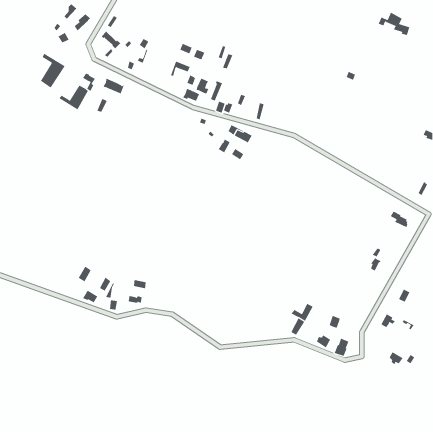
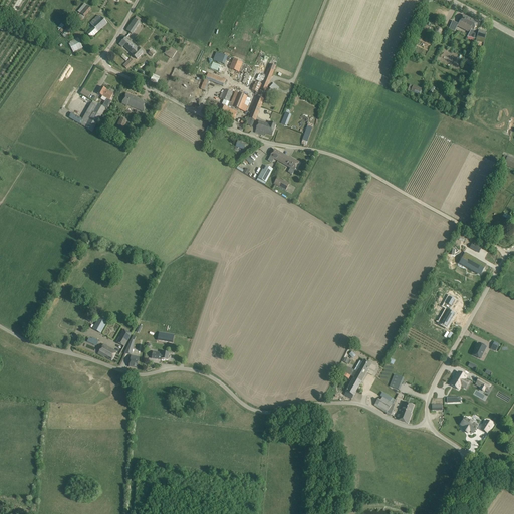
building: [40,53,65,88] -> none

